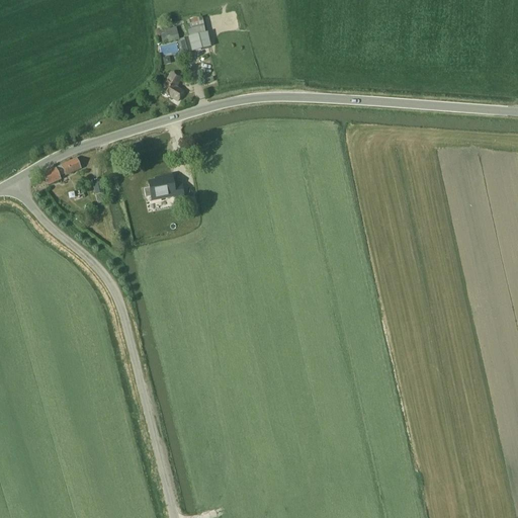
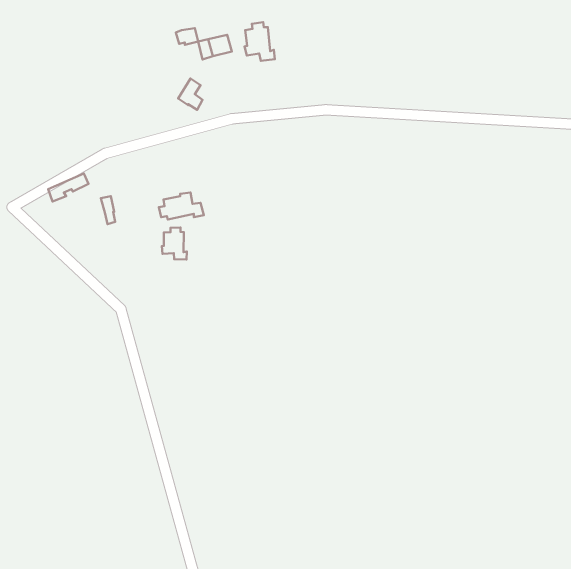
building: none -> [245,22,275,61]
building: none -> [162,228,187,259]

